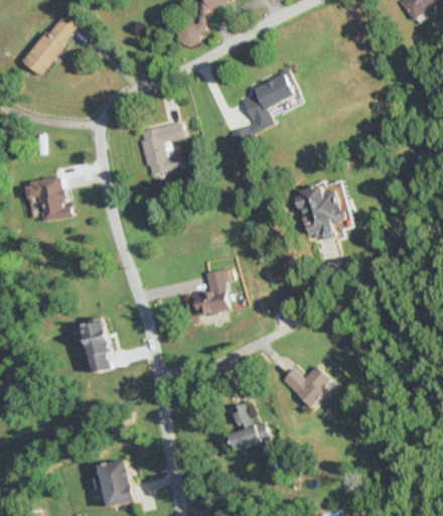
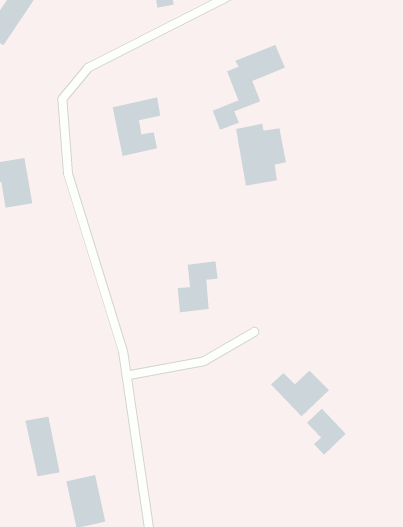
building: [297,184,343,241] -> [235,123,287,186]
building: [80,318,112,373] -> [25,416,60,477]
building: none -> [306,408,347,455]
building: [227,402,268,449] -> none

